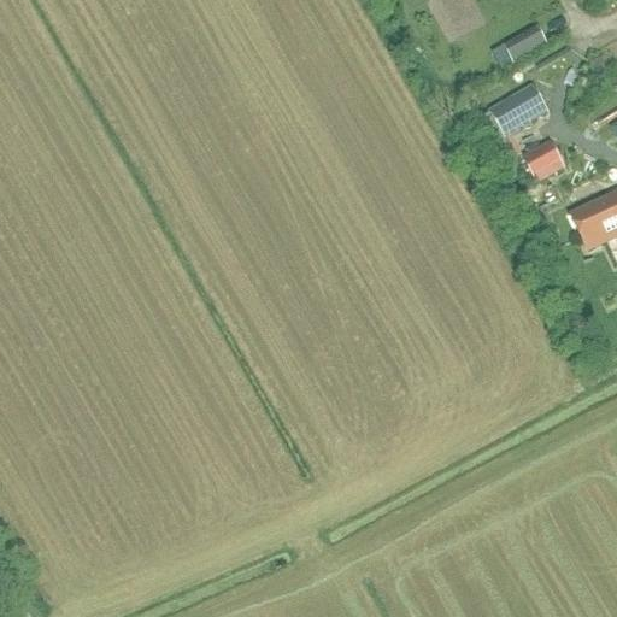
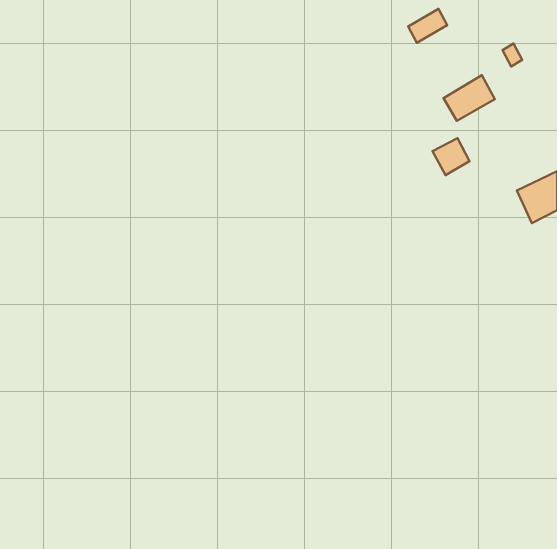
building: [504,23,547,60] -> [408,9,447,43]
building: [523,139,564,180] -> [433,138,470,175]

